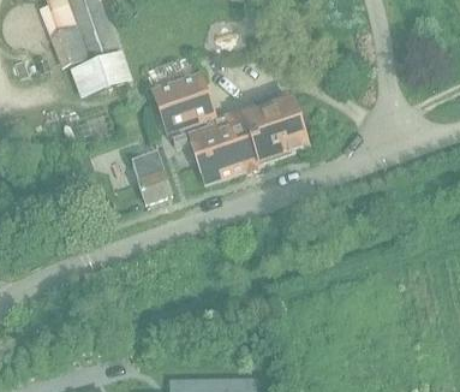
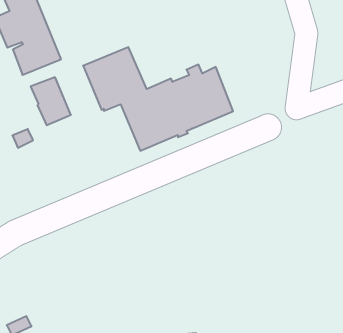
building: [131,152,172,202] -> [31,77,71,125]

